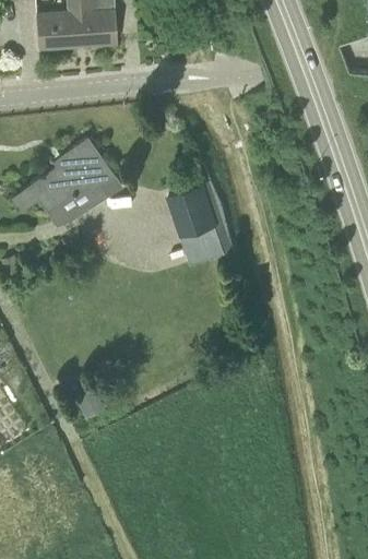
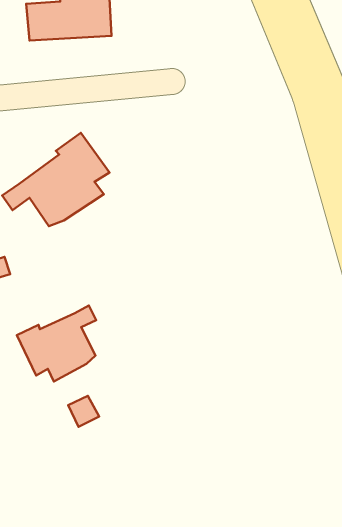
building: [168,181,234,265] -> none
building: none -> [17,306,96,382]

